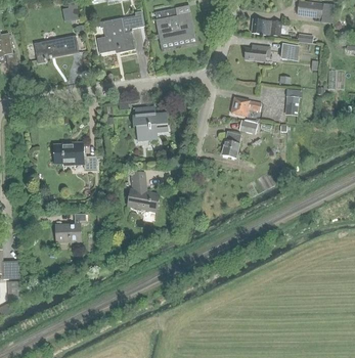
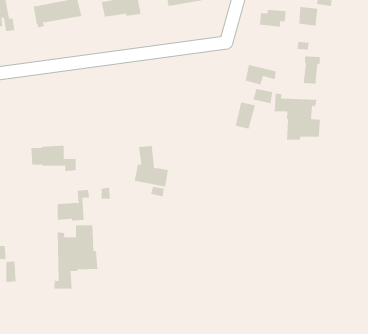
building: [131,107,168,140] -> none
building: none -> [274,93,320,141]
building: [53,144,96,169] -> [30,145,77,172]
building: none -> [54,224,98,290]

